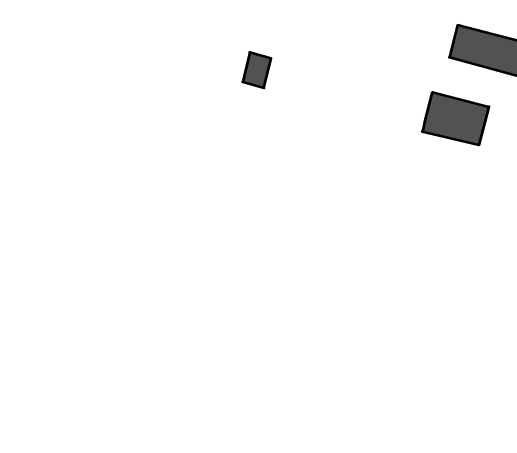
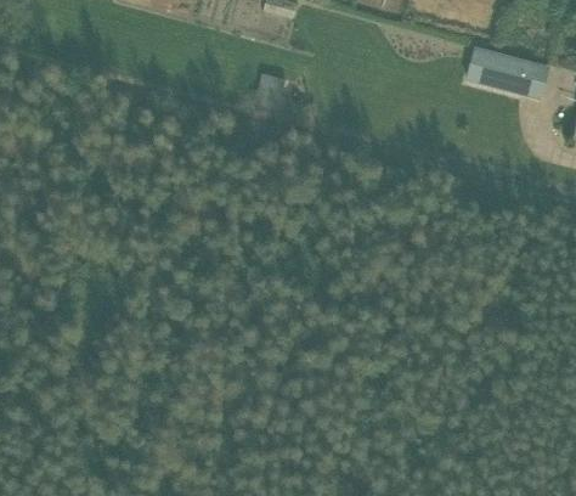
building: [422,92,489,145] -> none

